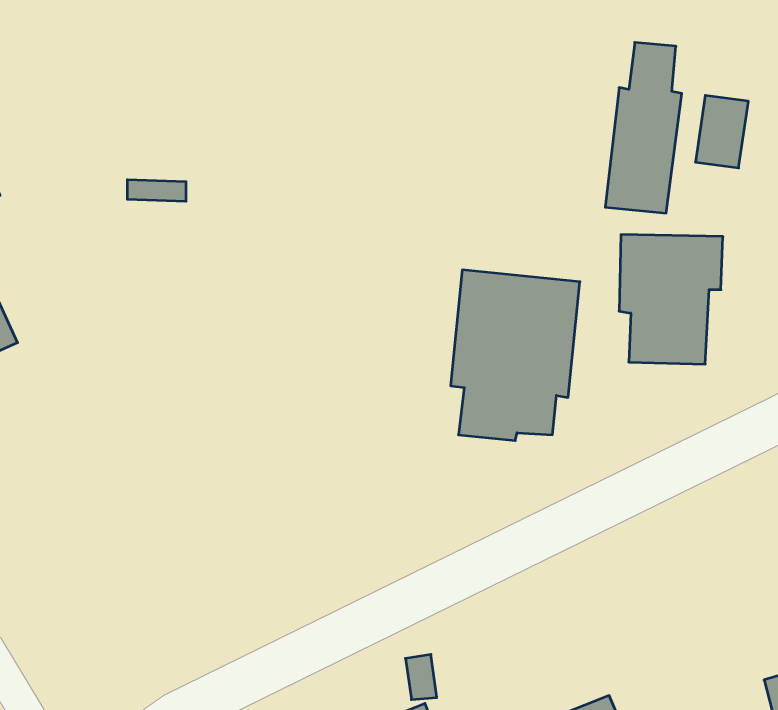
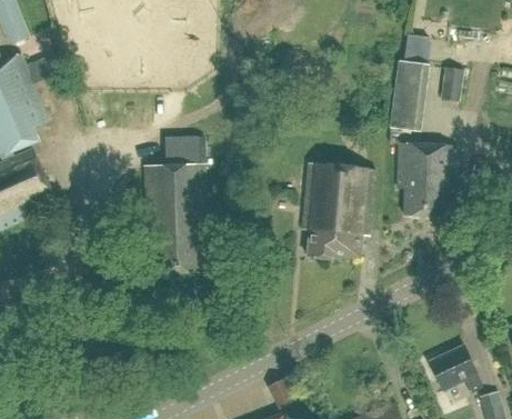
building: none -> [143,134,208,272]
building: none -> [428,343,480,391]

